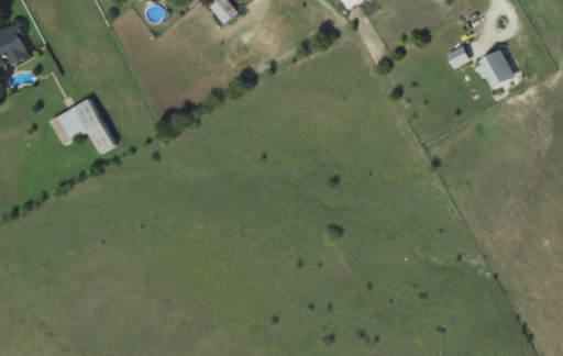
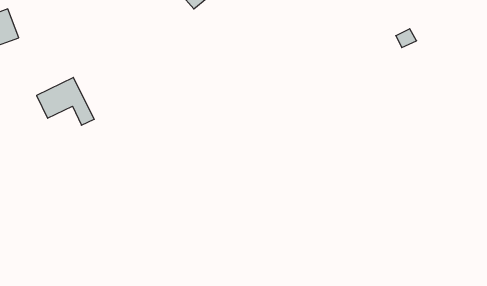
building: [476,48,516,89] -> none

